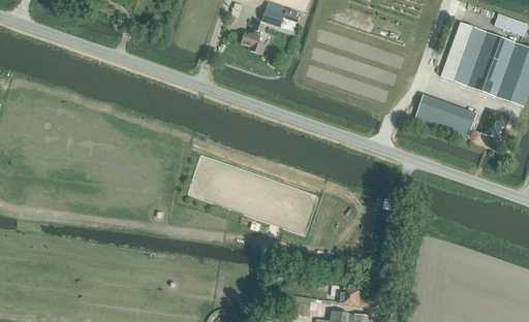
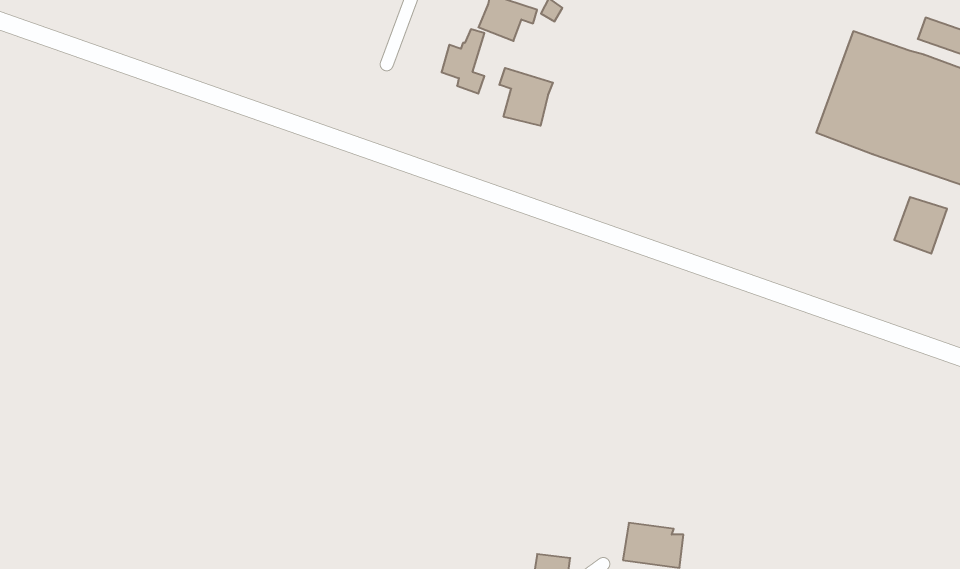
building: none -> [499,68,553,126]
building: [415,94,476,137] -> none

